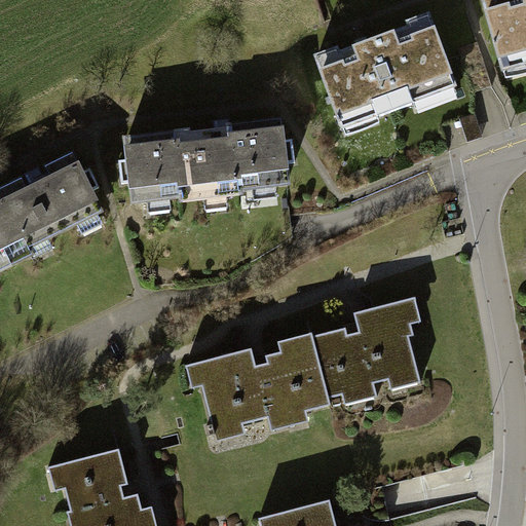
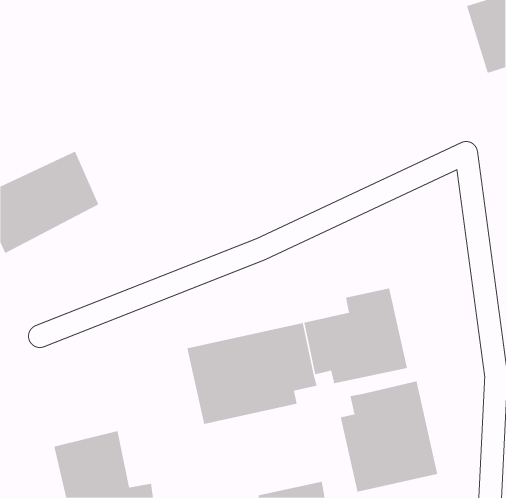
building: [316,21,457,136] -> none
building: [123,119,286,206] -> none
building: none -> [340,381,438,492]

